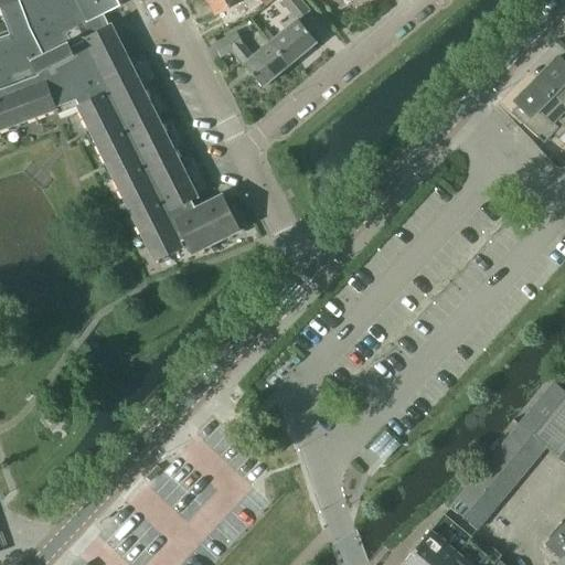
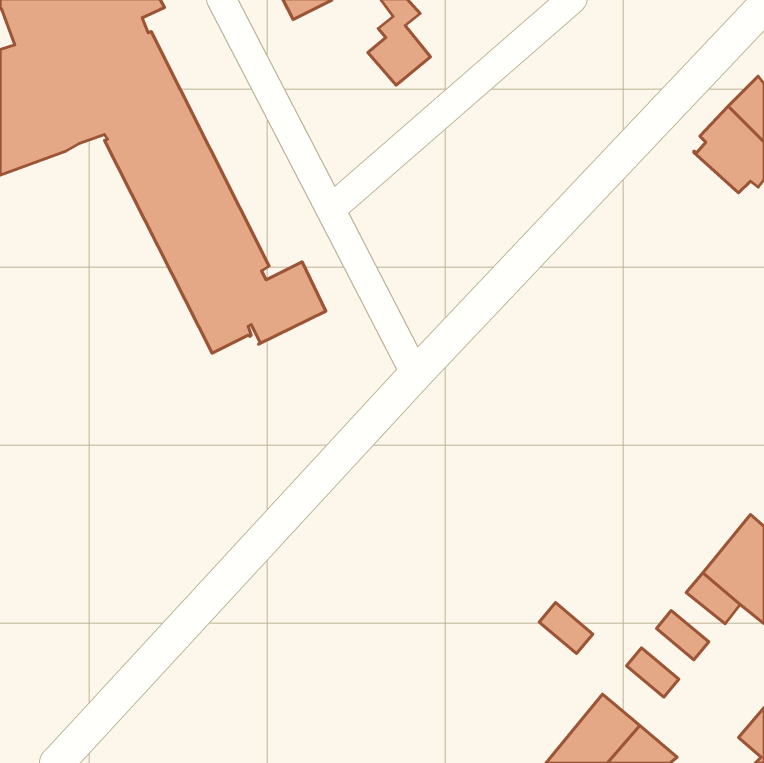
building: [214,31,292,86] -> none
building: [495,437,535,473] -> none
building: [473,463,512,501] -> none
building: [450,491,490,529] -> [539,603,593,654]

